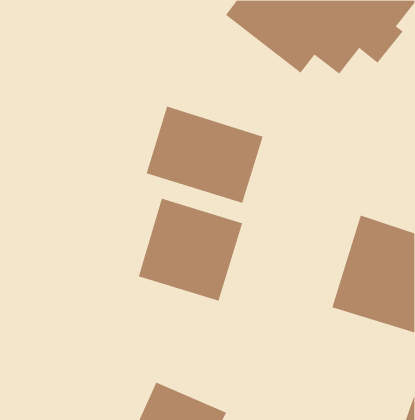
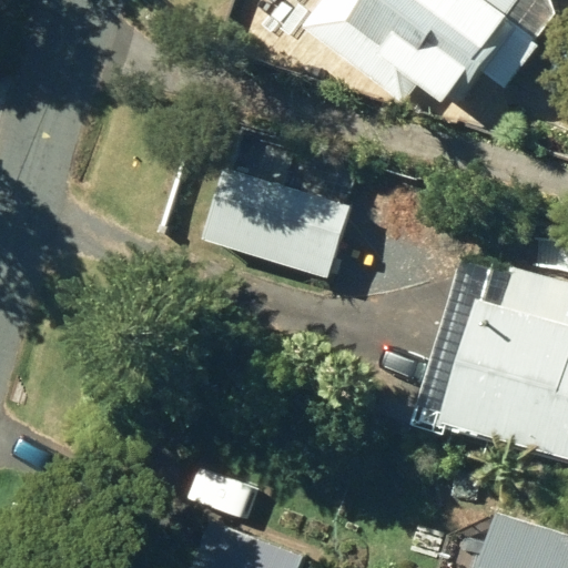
building: [138,198,243,302] -> none

